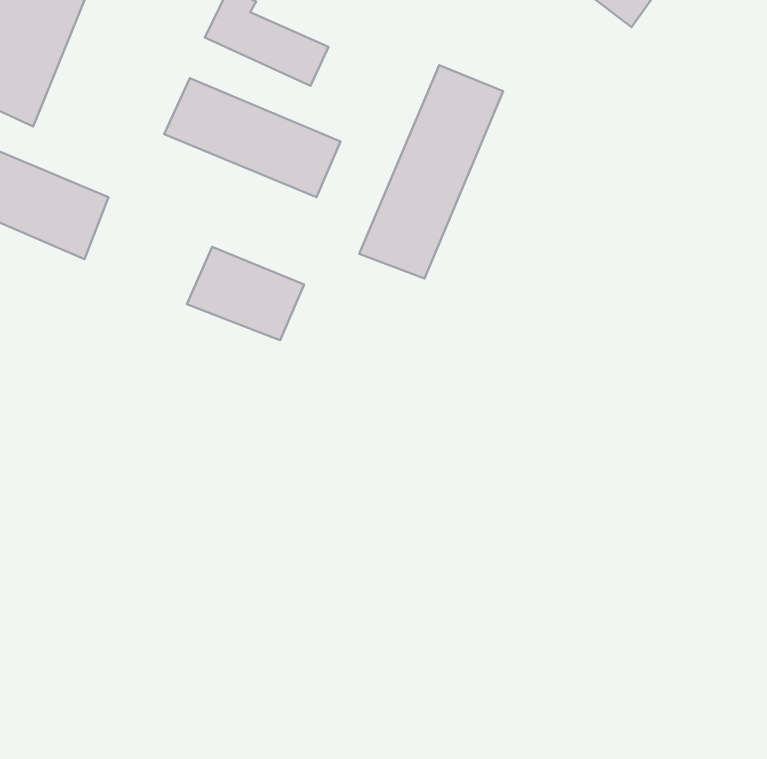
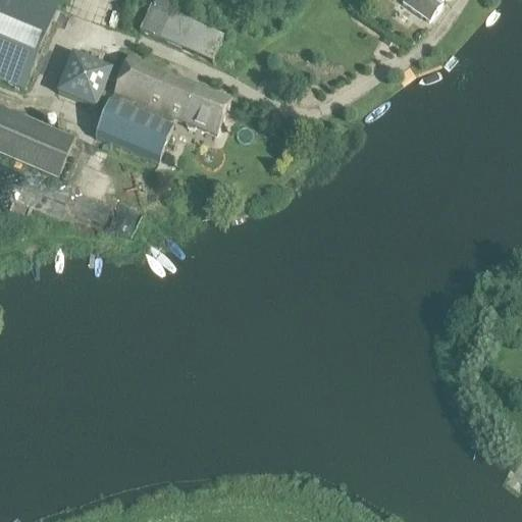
building: [359,65,503,278] -> none
building: none -> [56,50,110,105]
building: [187,247,304,340] -> [94,97,173,160]

